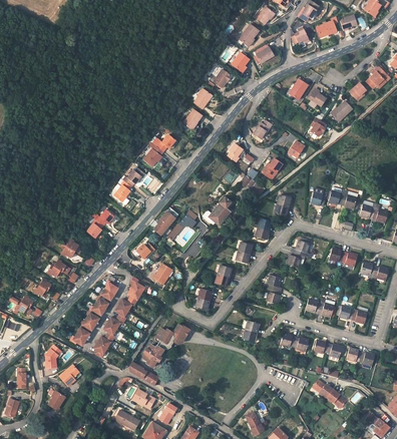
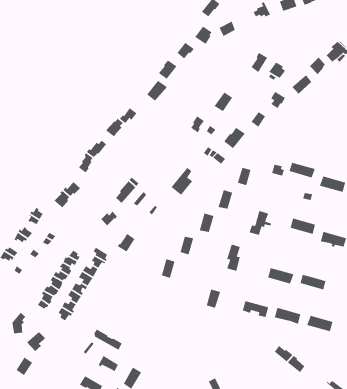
building: [143,324,190,367] -> none

